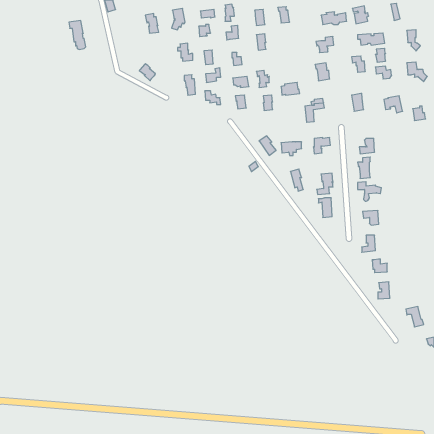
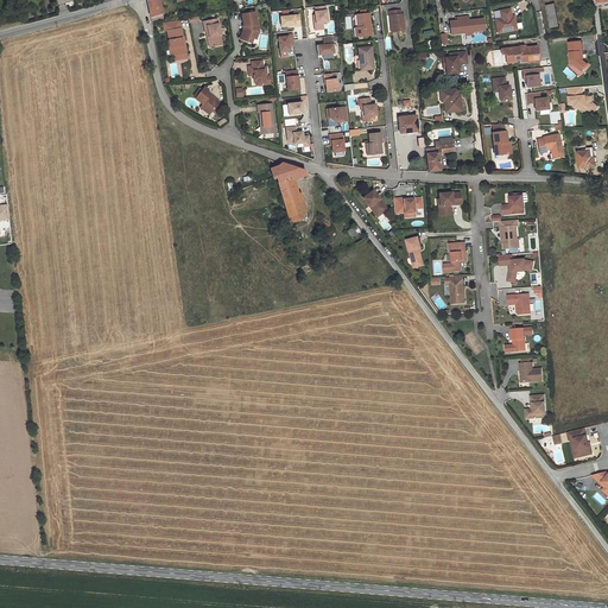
building: [69,21,86,49] -> [163,20,186,61]
building: none -> [270,163,308,216]

